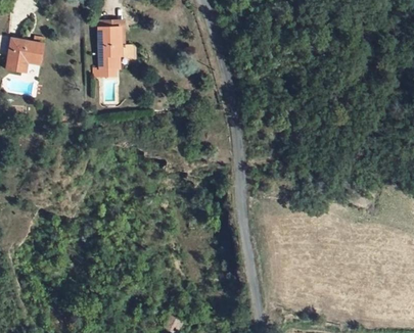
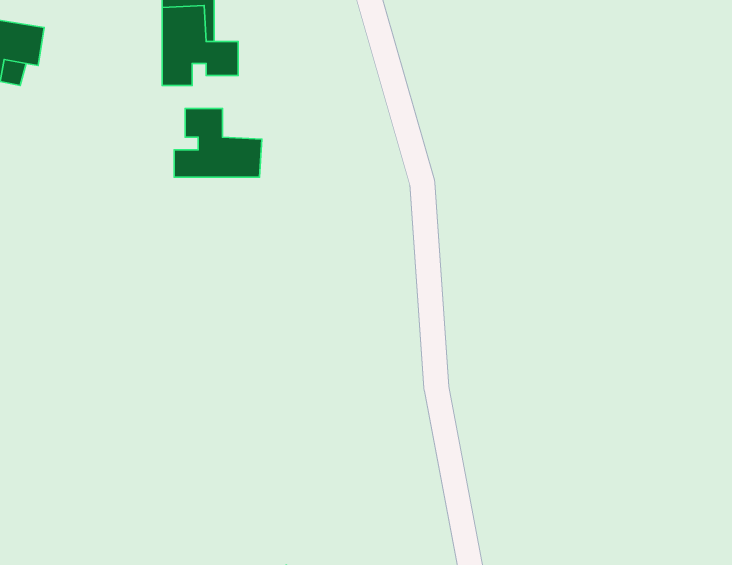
building: none -> [174,108,262,177]

